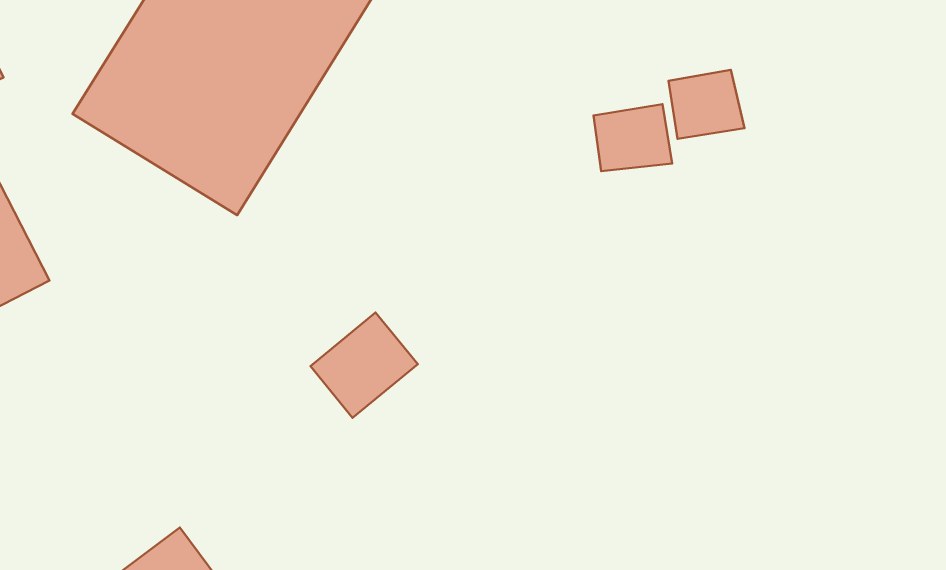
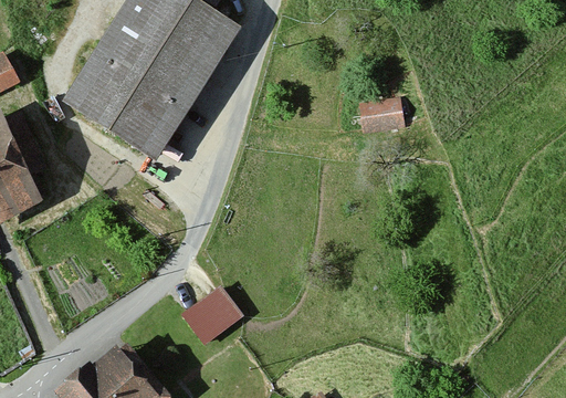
building: [669,70,745,139] -> none
building: [310,312,418,418] -> [181,285,243,346]

